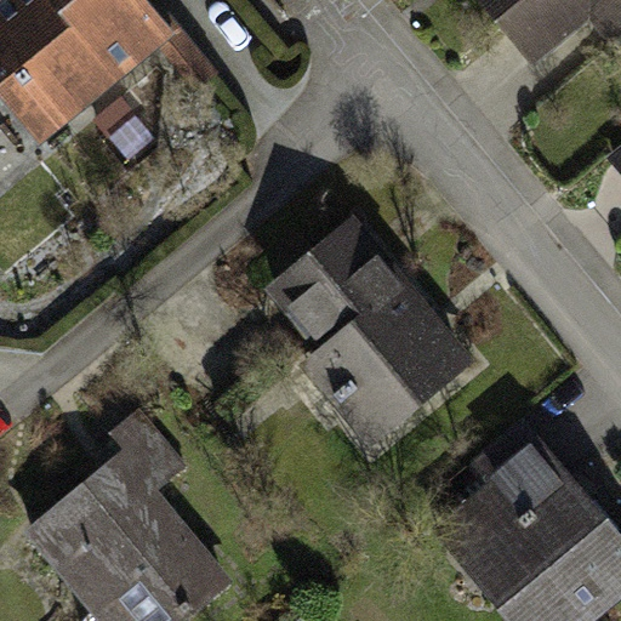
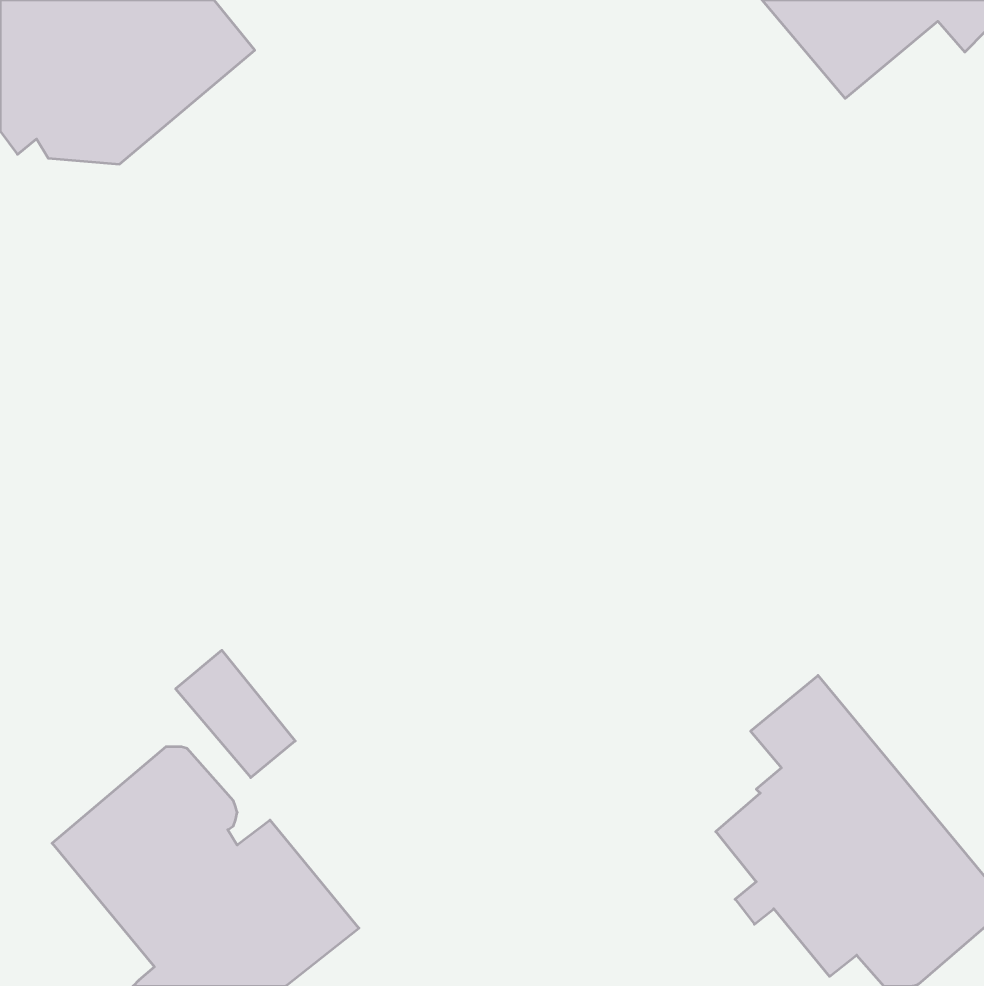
building: [279,227,465,437] -> none

